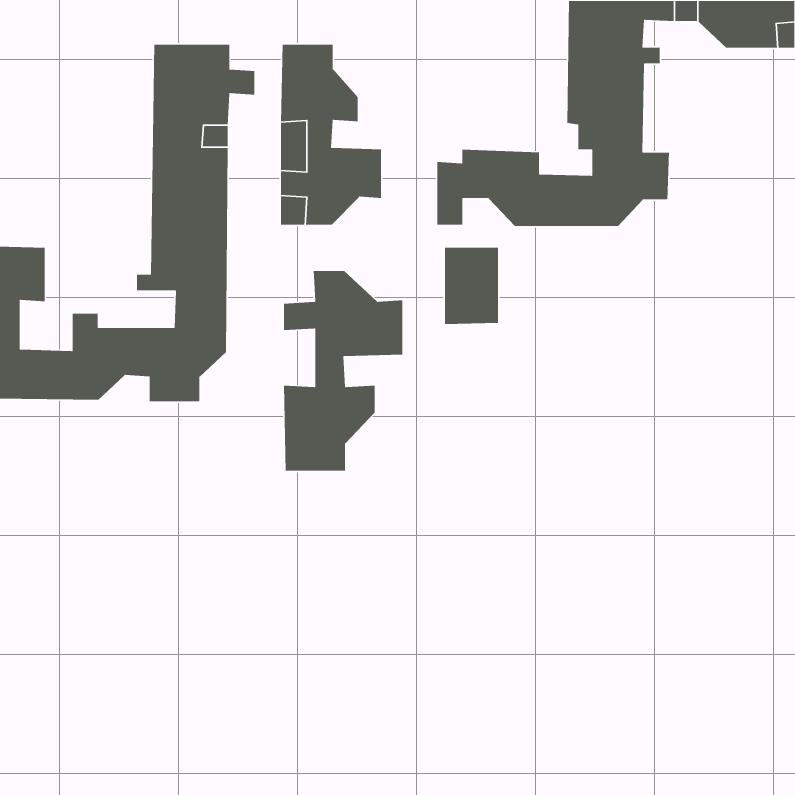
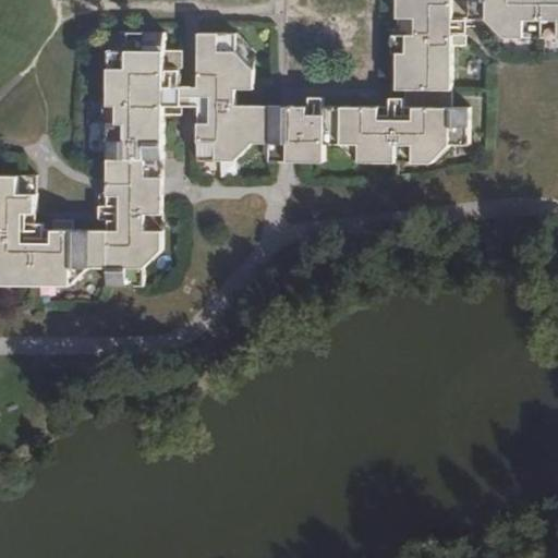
building: [444,247,499,325] -> [266,107,304,161]
building: [283,270,403,472] -> none

